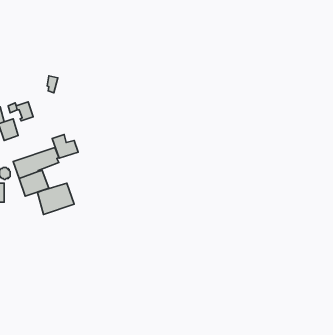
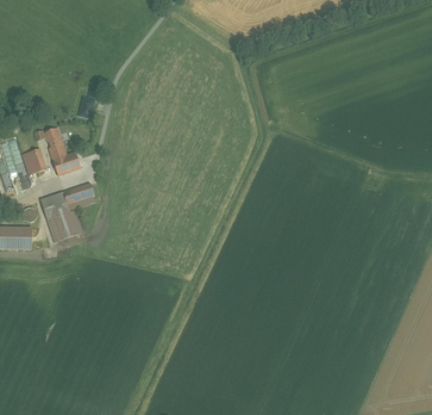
building: [52,134,78,158] -> [49,145,80,174]
building: [38,183,74,214] -> none

